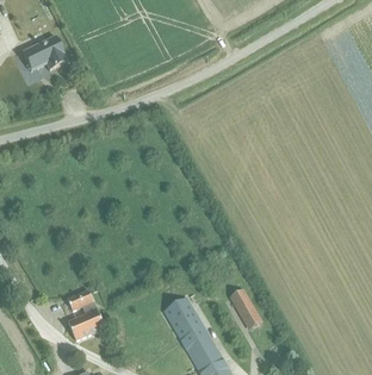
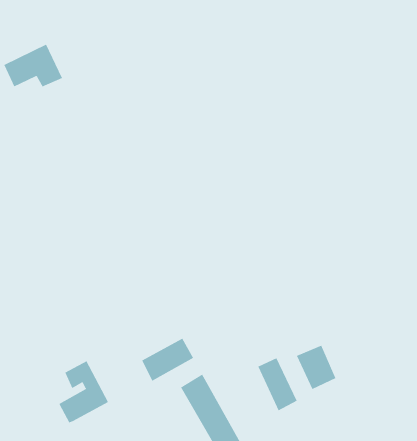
building: none -> [142,338,194,381]
building: none -> [296,345,336,390]

